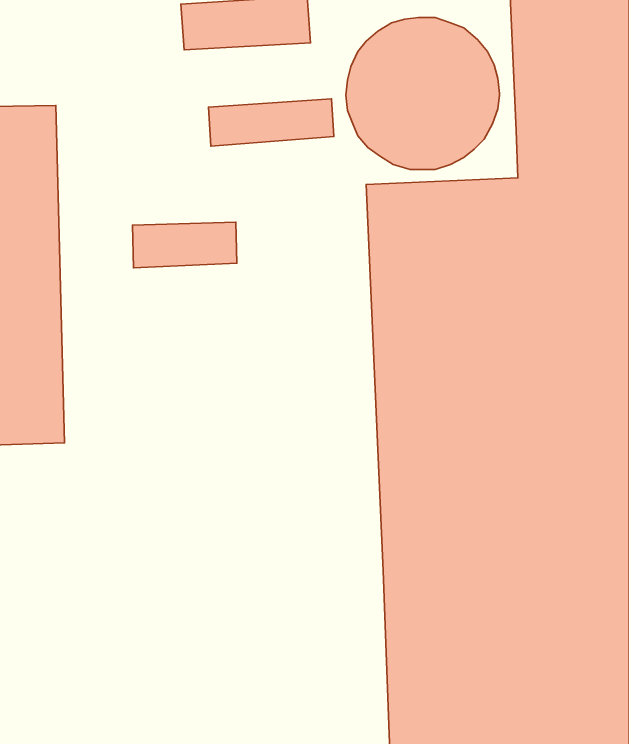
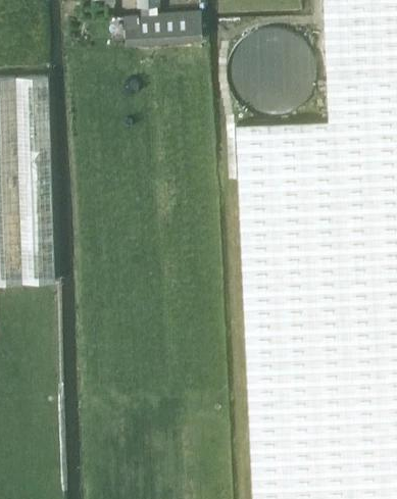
building: [209,99,334,146] -> none
building: [133,222,237,268] -> none

